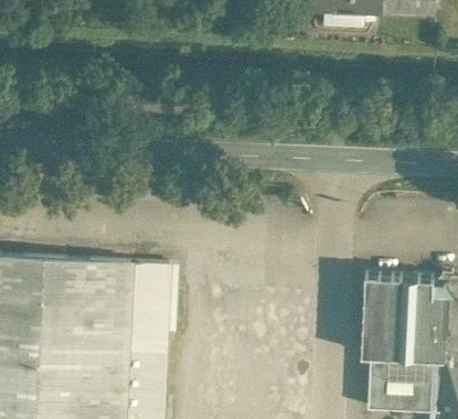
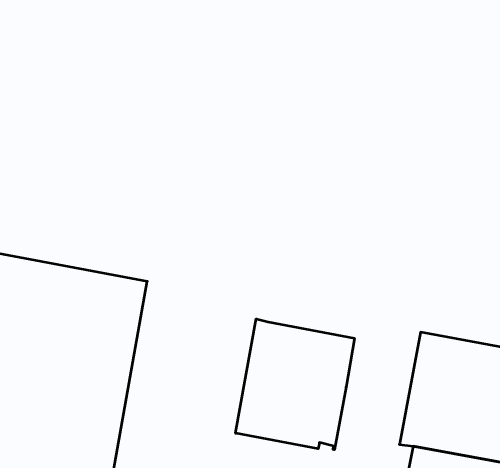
building: none -> [236,319,354,450]

